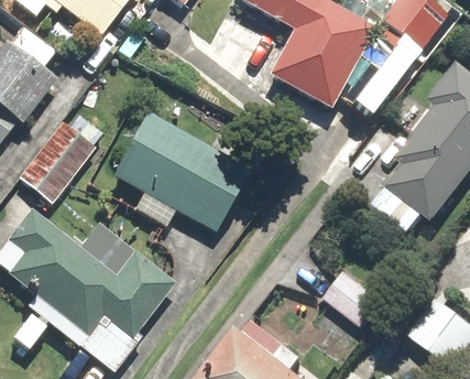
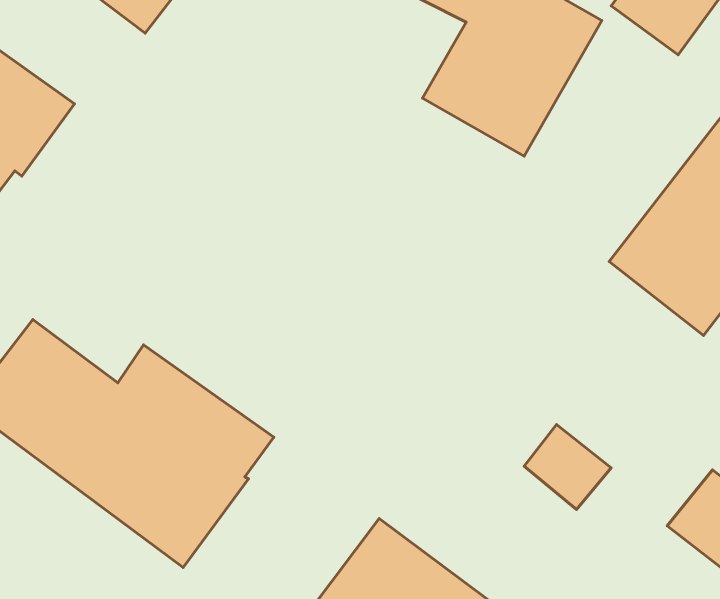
building: [113,113,247,227] -> none
building: [21,122,94,201] -> none

